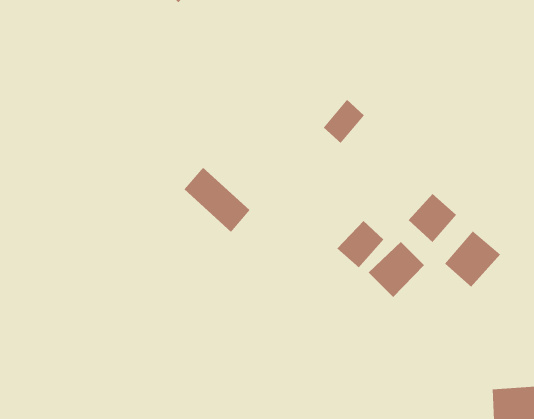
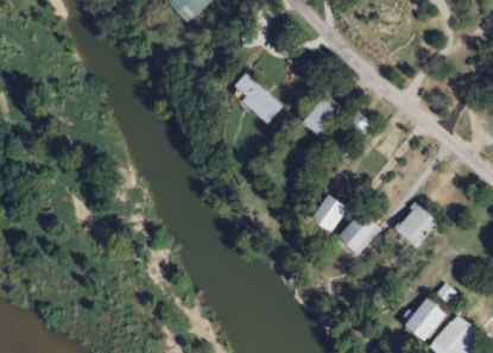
building: [183,167,251,233] -> [230,70,284,122]
building: [408,193,457,243] -> none
building: none -> [402,296,447,341]

